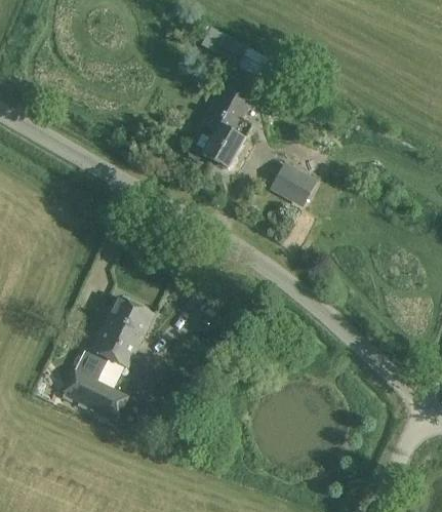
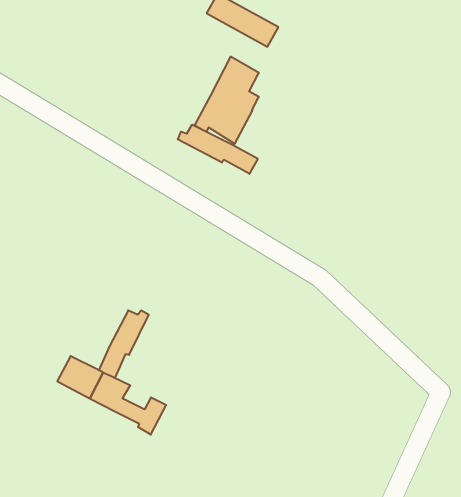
building: none -> [178,125,258,174]
building: [270,162,318,207] -> none
building: [90,296,154,359] -> none

